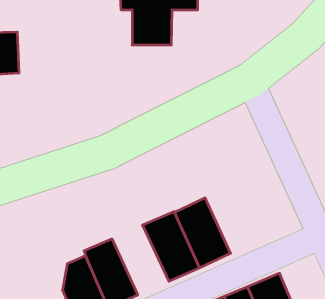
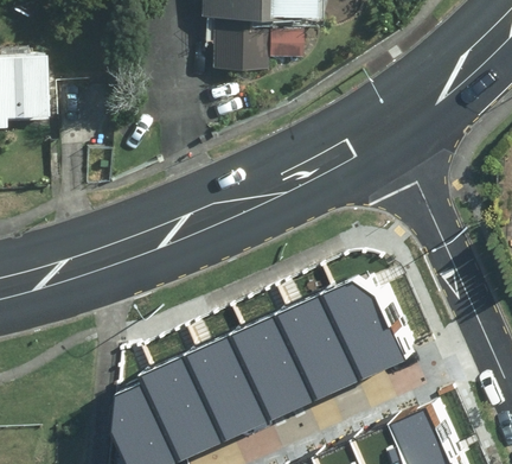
building: none -> [321,286,403,380]
building: none -> [184,338,268,441]

